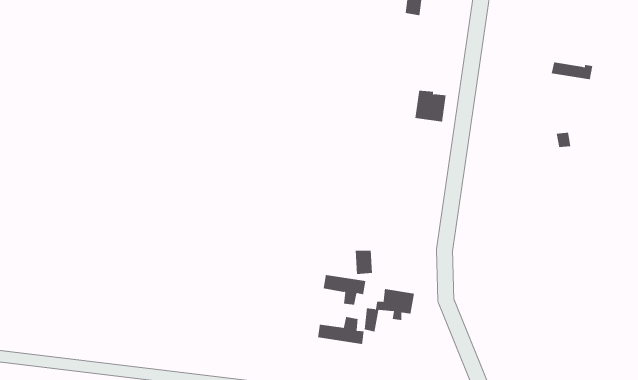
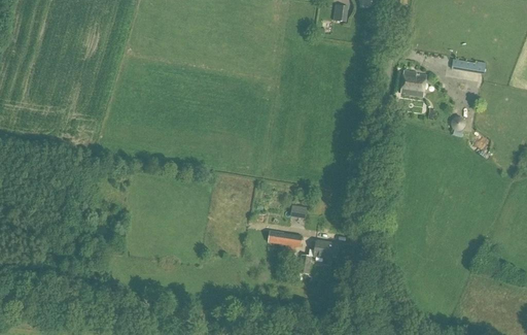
building: [415,90,447,122] -> [400,70,426,96]
building: [318,316,364,345] -> none

